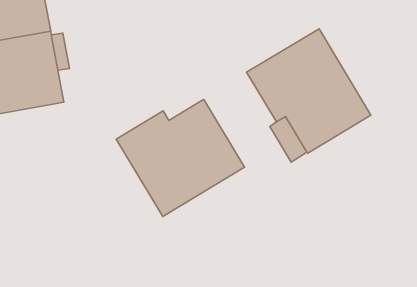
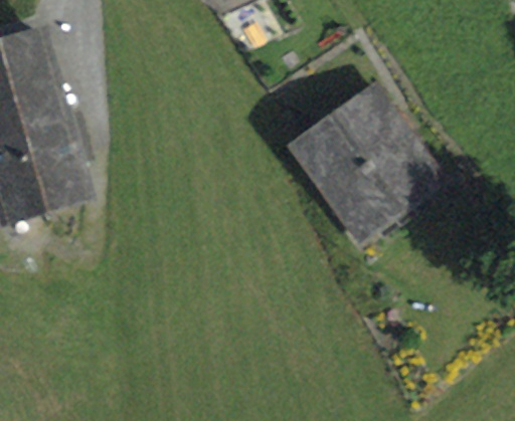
building: [116,99,245,216] -> none

